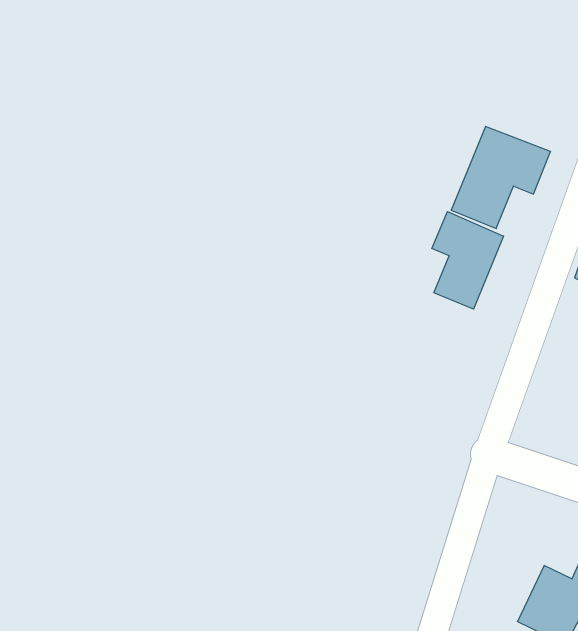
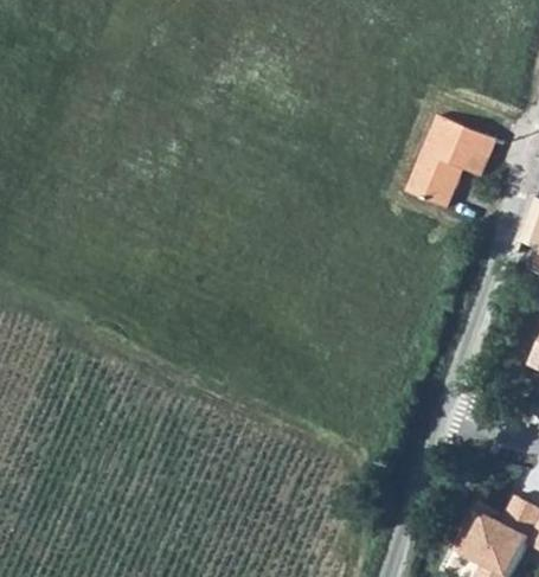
building: [432,212,504,309] -> none

